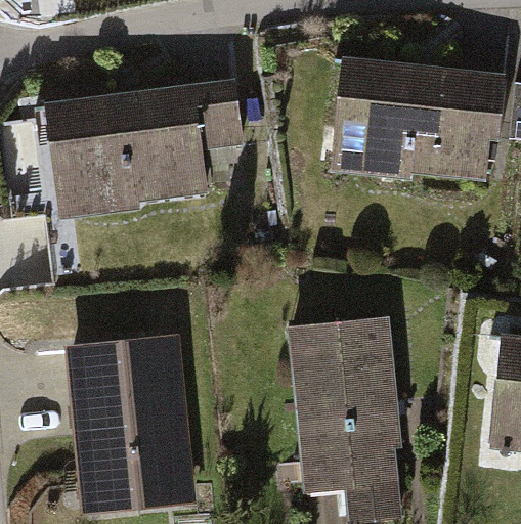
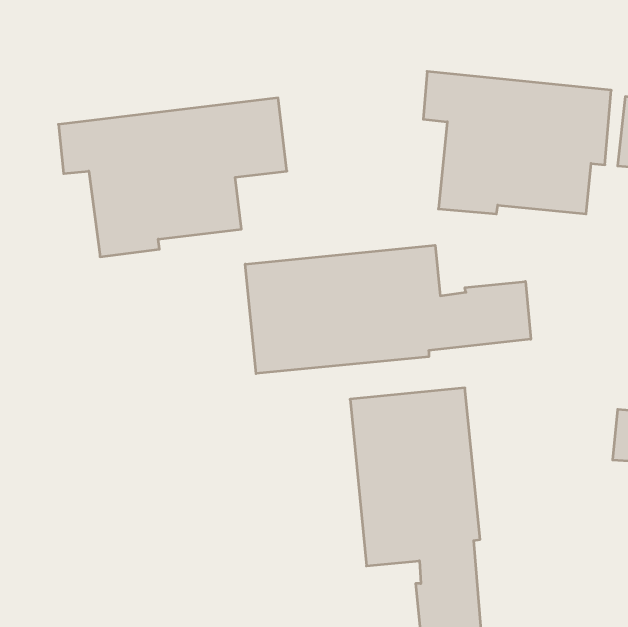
building: none -> [245,245,531,374]
building: [73,340,182,505] -> none

